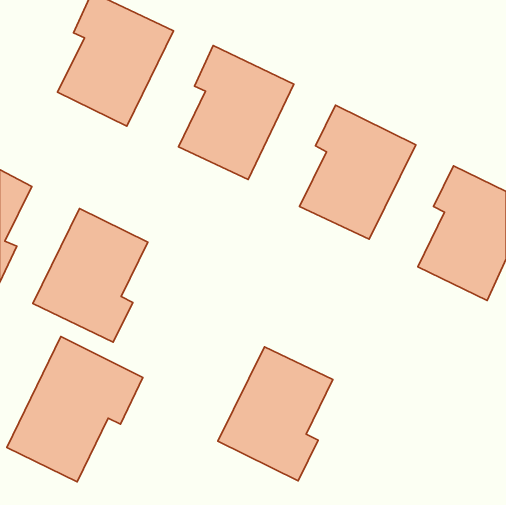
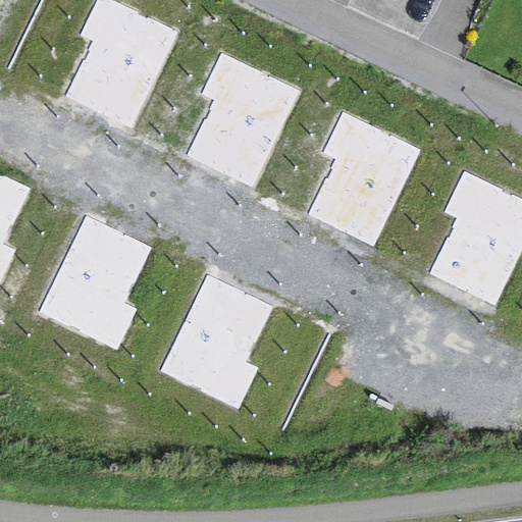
building: [7,337,143,482] -> none
building: [218,347,333,481] -> [152,272,270,410]

